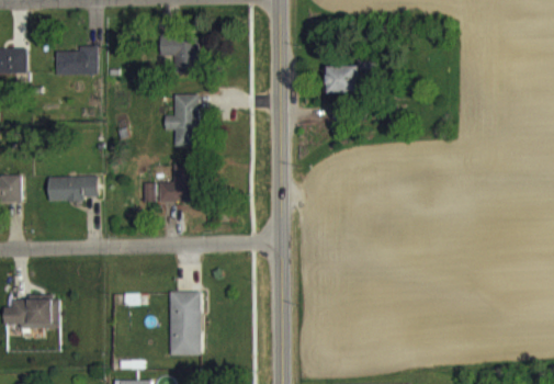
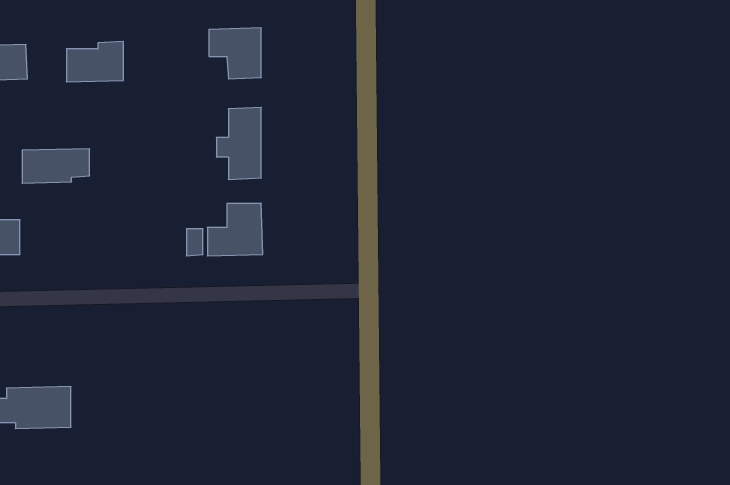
building: [327,66,360,94] -> none
building: [48,177,98,202] -> [22,149,90,183]
building: [169,292,201,355] -> none

